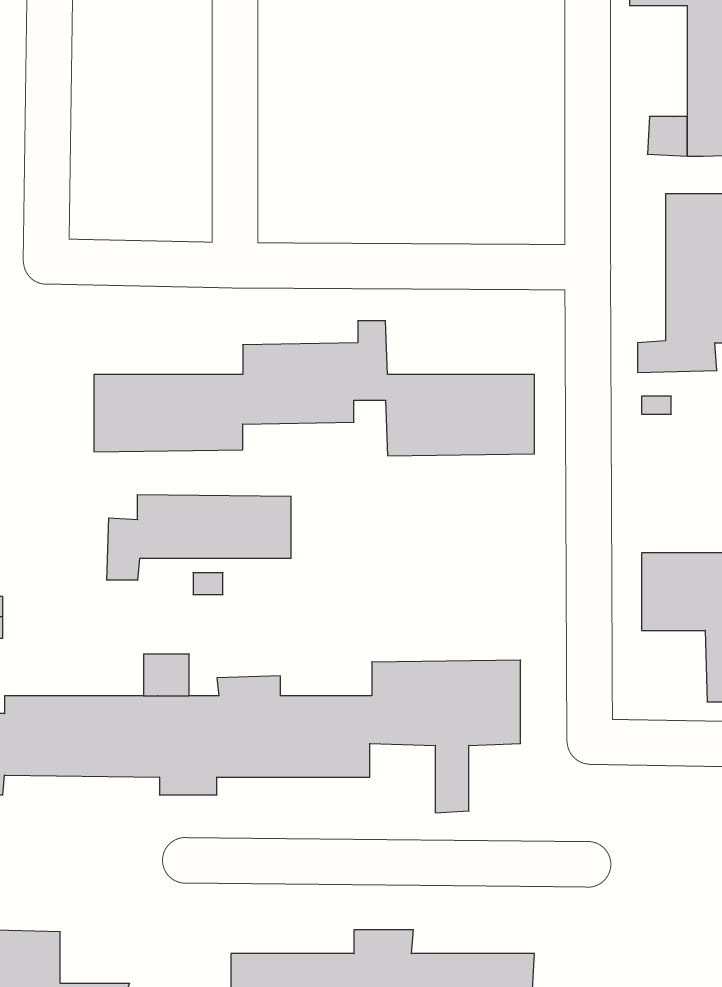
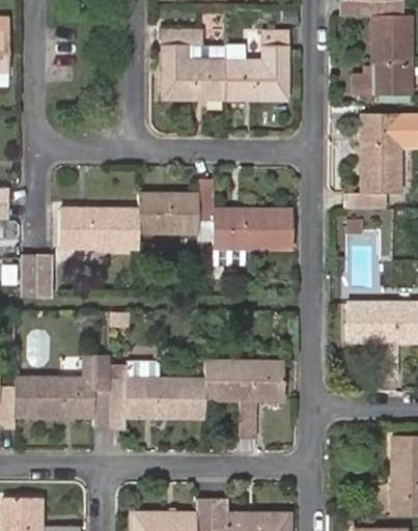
building: none -> [162,30,288,101]
building: none -> [21,254,54,294]
building: [107,495,291,580] -> none

